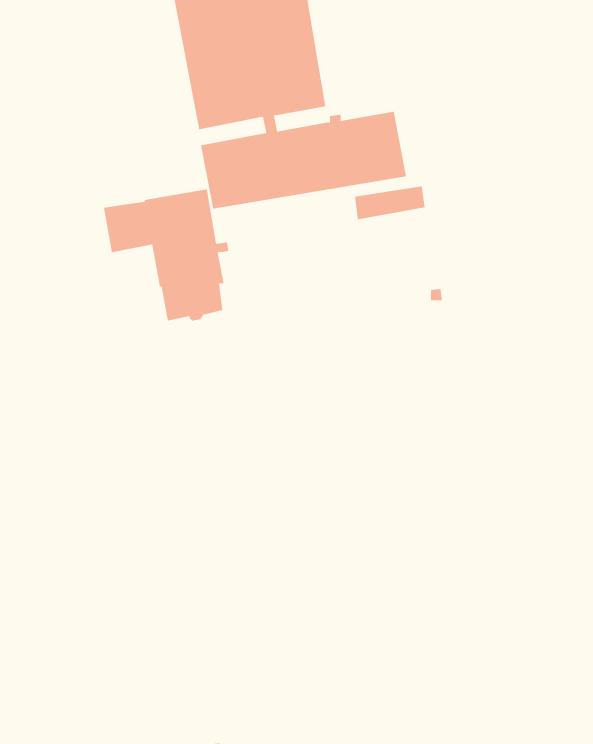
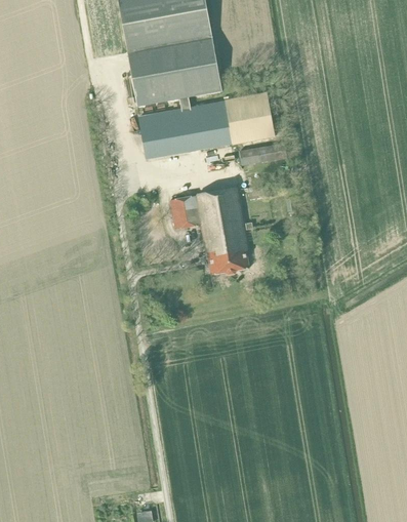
building: [103,189,229,321] -> [169,187,252,274]

